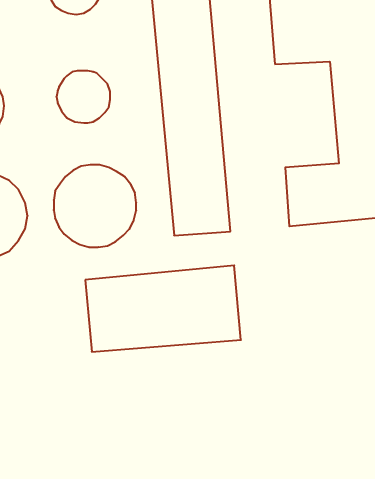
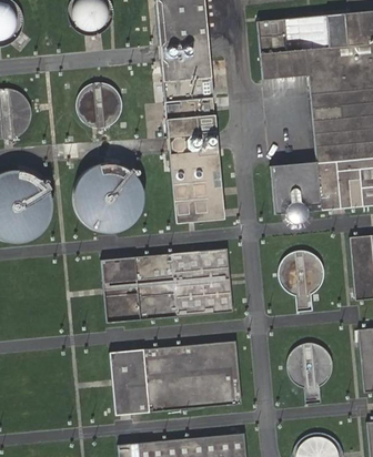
building: none -> [276,247,324,312]
building: none -> [109,339,241,414]
building: none -> [286,341,332,403]

